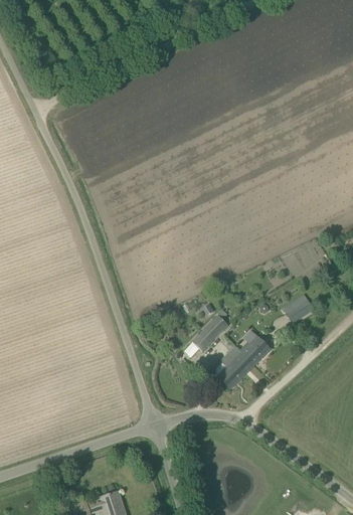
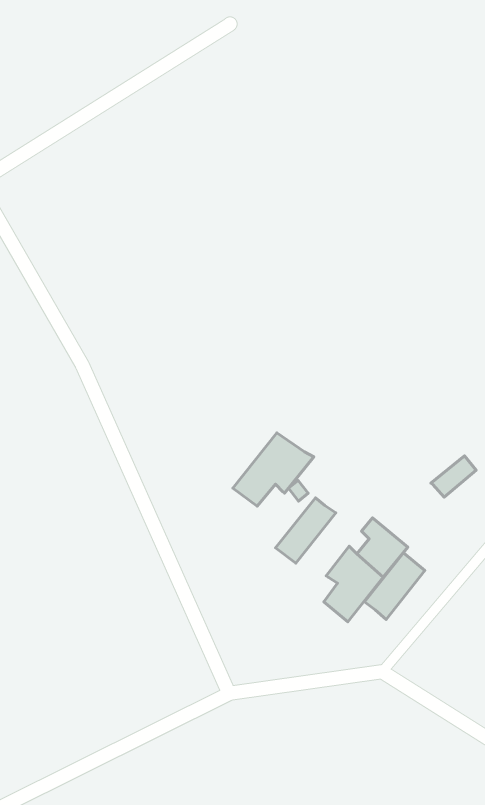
building: none -> [233,433,314,506]
building: none -> [365,553,425,620]

